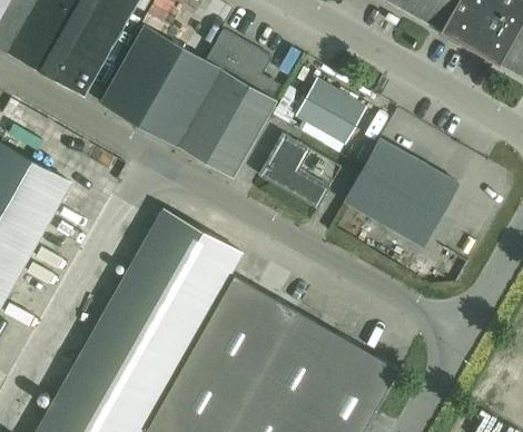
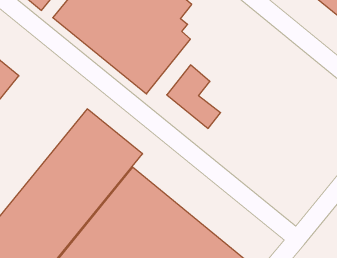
building: [296,79,364,144] -> none
building: [343,139,457,246] -> none

